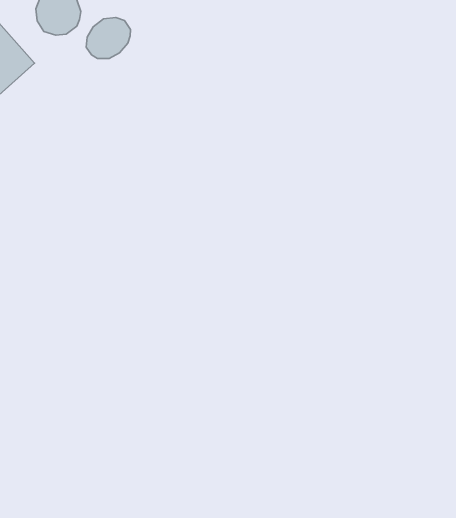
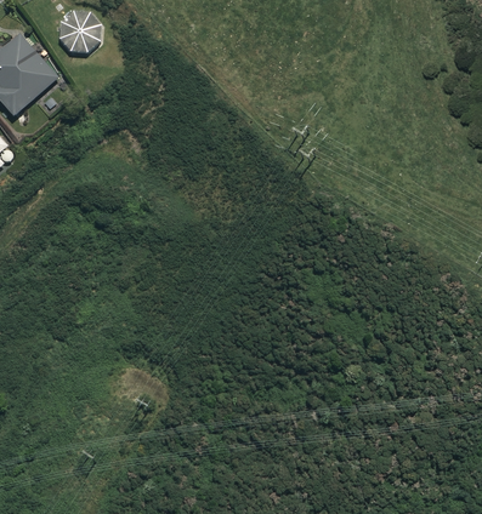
building: [86,18,131,59] -> none

